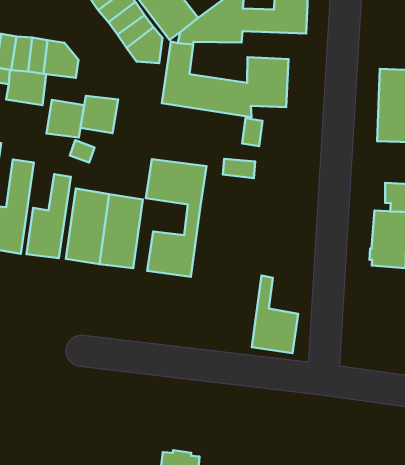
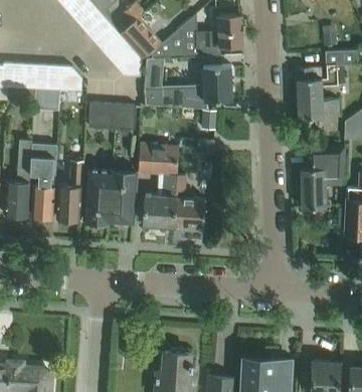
building: [47,100,84,138] -> [111,105,136,130]
building: [252,275,298,353] -> [174,175,205,228]

